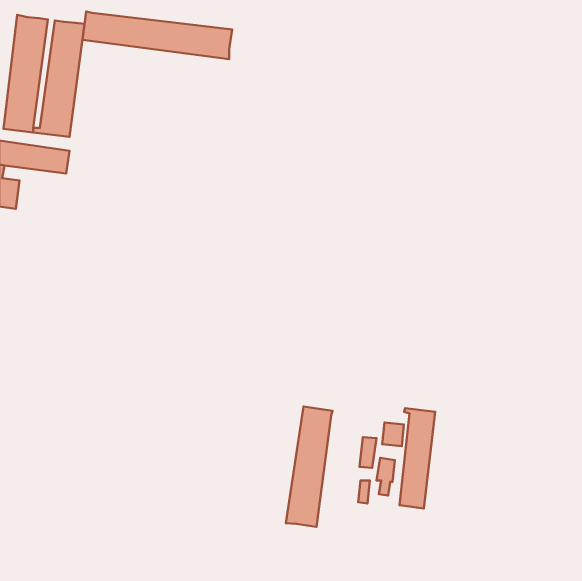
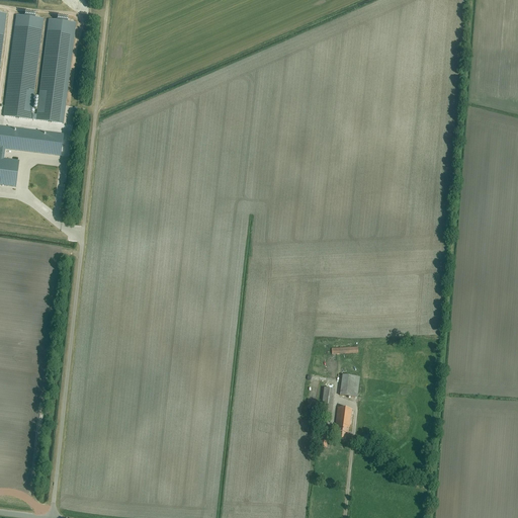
building: [82,11,232,59] -> none
building: [286,406,332,527] -> none
building: [400,408,435,508] -> none

